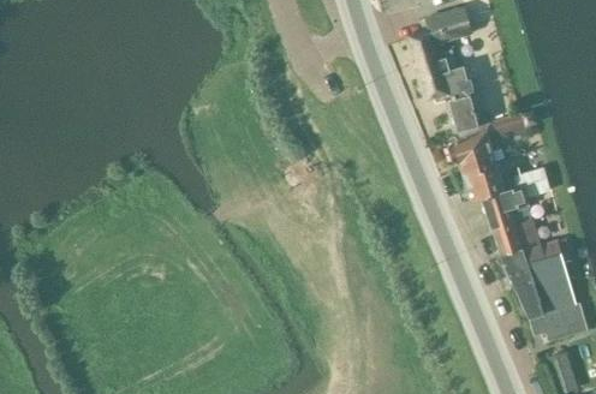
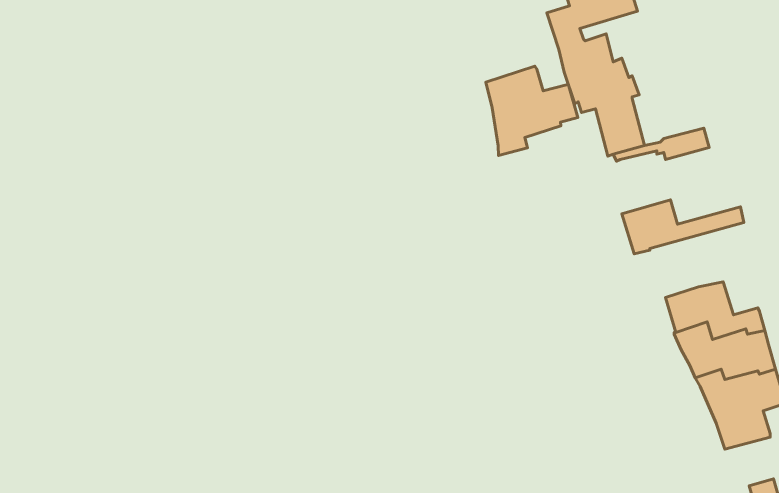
building: none -> [486,66,578,156]
building: [449,131,499,174] -> none
building: [484,180,553,232] -> none

